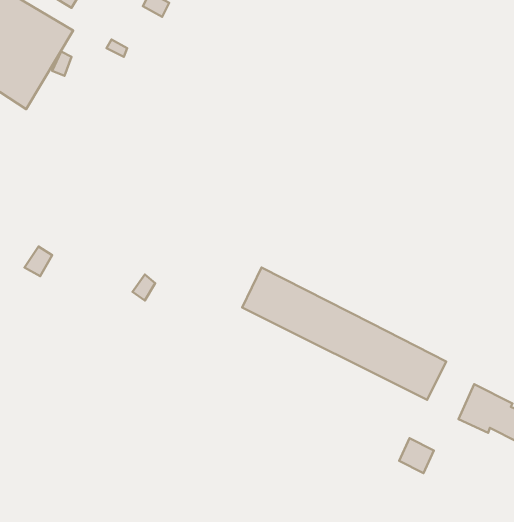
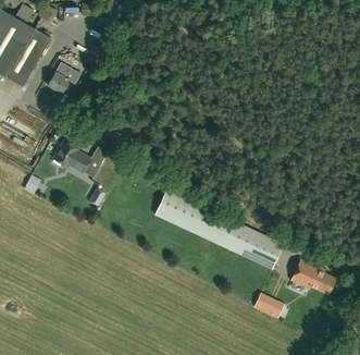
building: none -> [48,63,80,95]
building: none -> [53,143,108,179]

